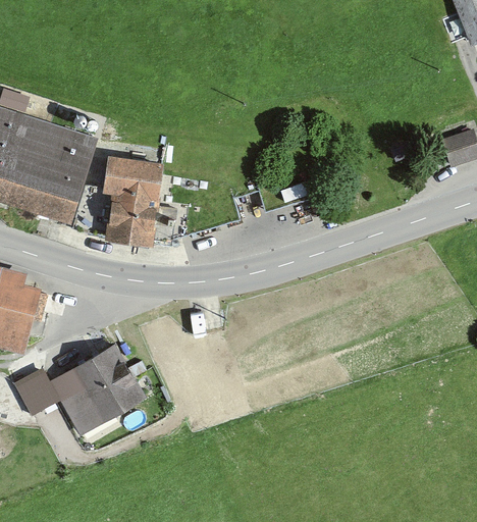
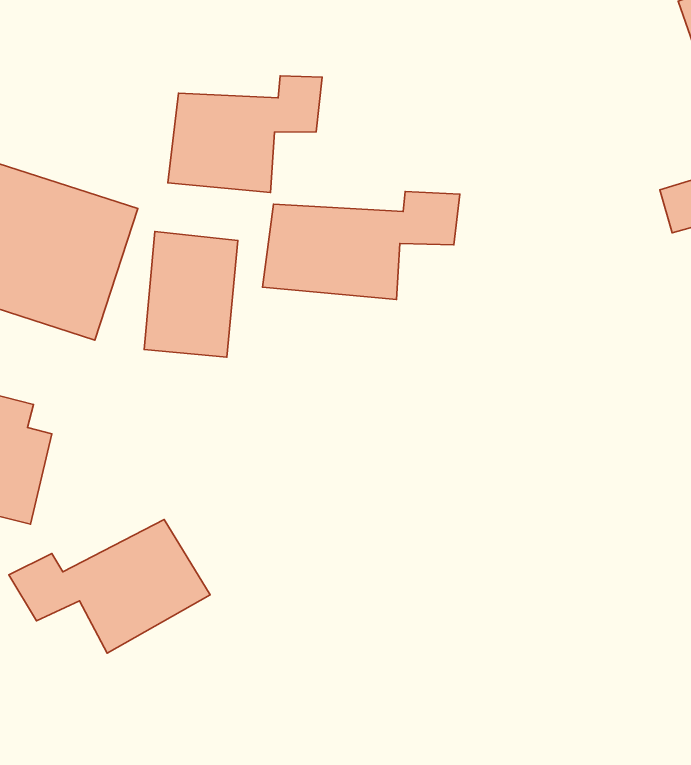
building: none -> [168,76,322,192]
building: none -> [262,191,460,299]

